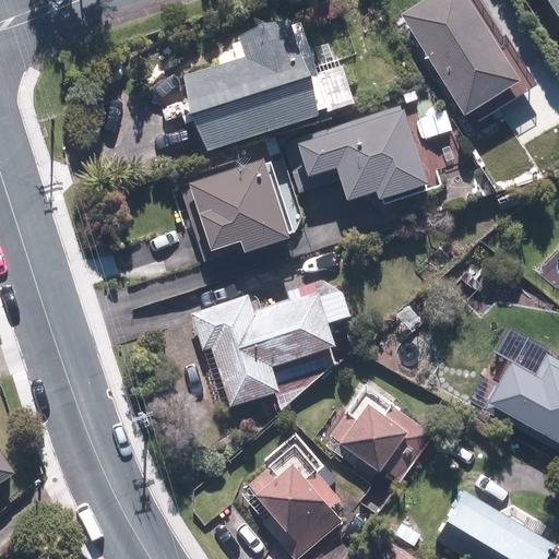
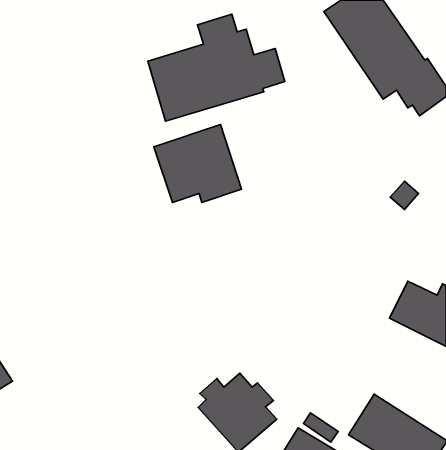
building: [297,102,431,203] -> none
building: [189,282,354,411] -> none
building: [319,402,430,481] -> none

